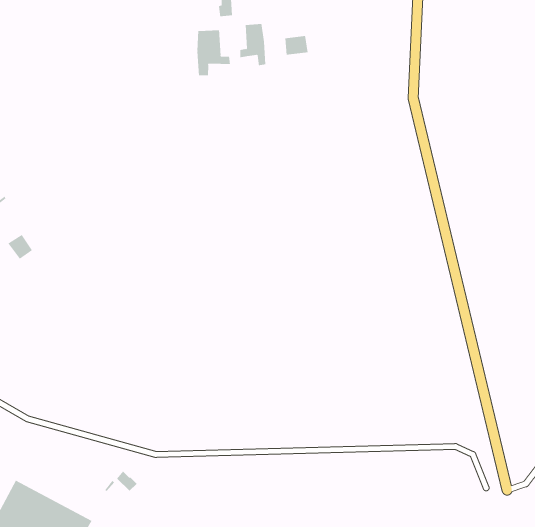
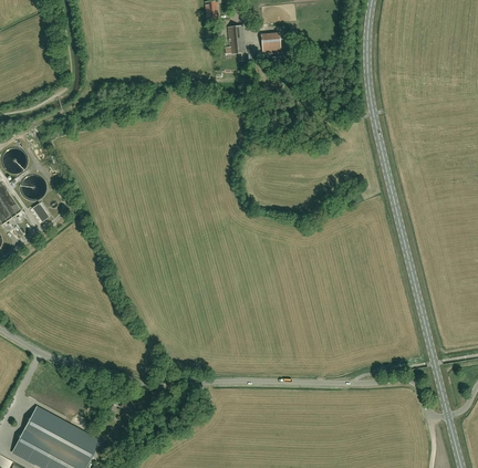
building: [197,30,231,76] -> none

